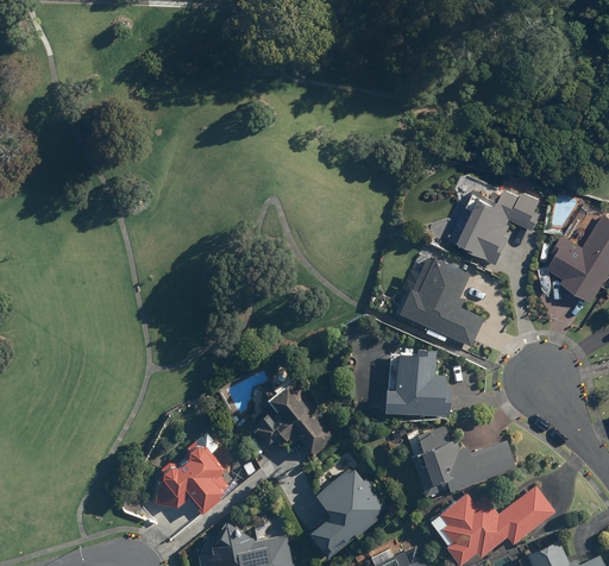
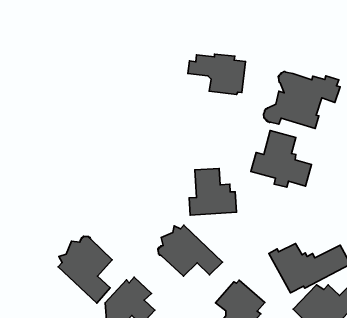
building: none -> [188,54,246,95]
building: [383,347,453,417] -> [189,169,237,215]
building: none -> [58,236,112,303]

